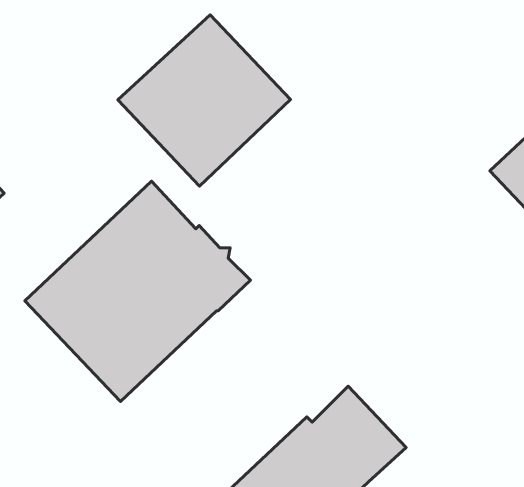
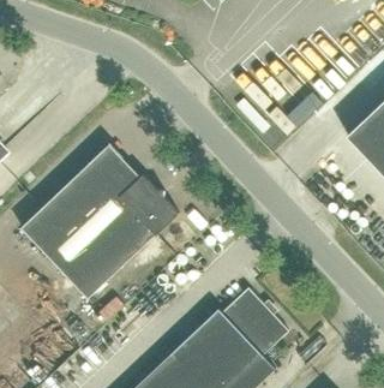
building: [118,15,290,186] -> none

